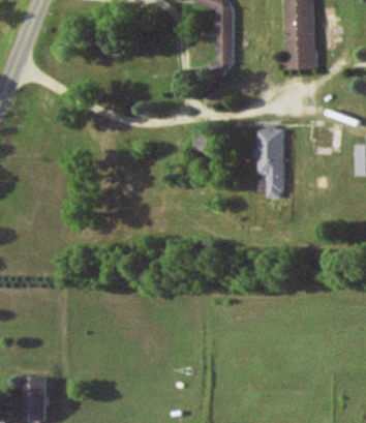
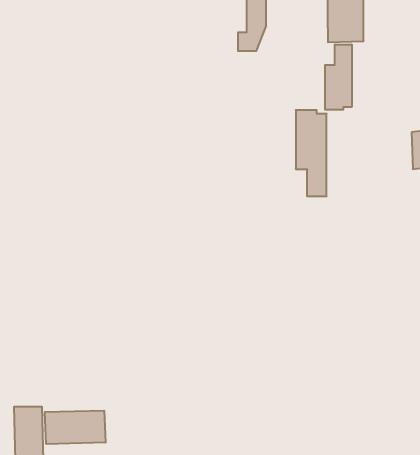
building: none -> [325,44,352,110]
building: none -> [45,411,106,444]

